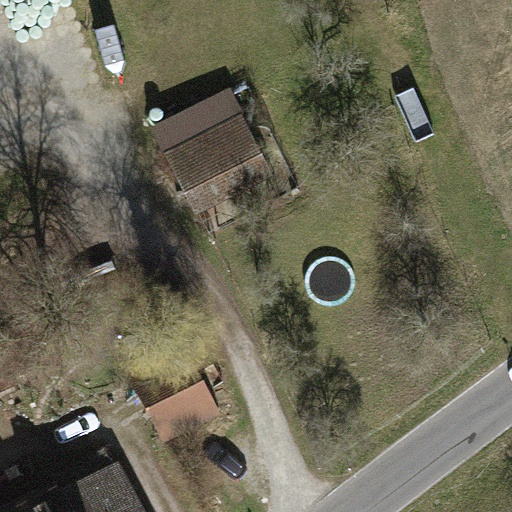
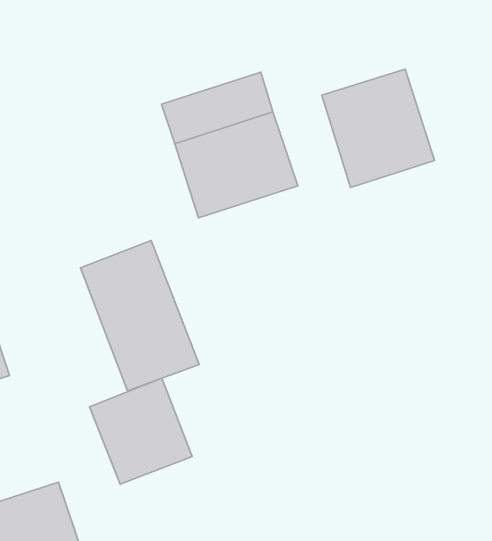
building: none -> [322,69,434,187]
building: none -> [80,240,199,391]

